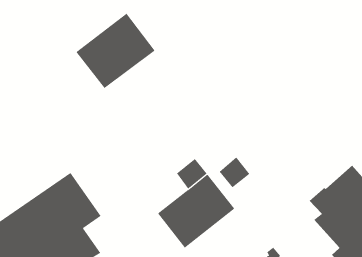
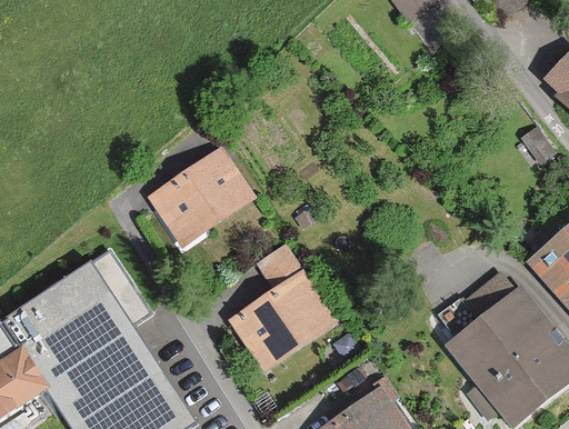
building: [76,13,155,89] -> [147,146,257,248]
building: [219,157,250,188] -> none

